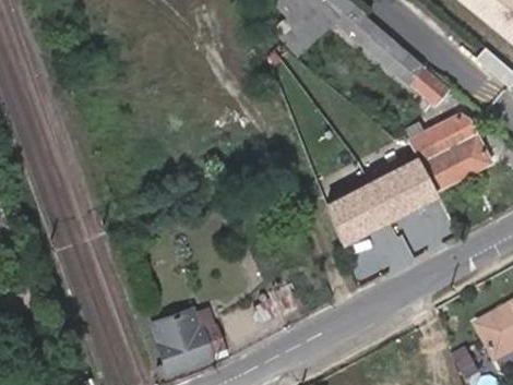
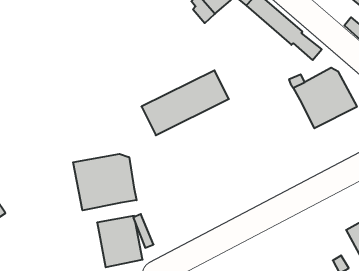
building: [324,156,438,240] -> [141,70,229,135]
building: none -> [73,154,137,210]

